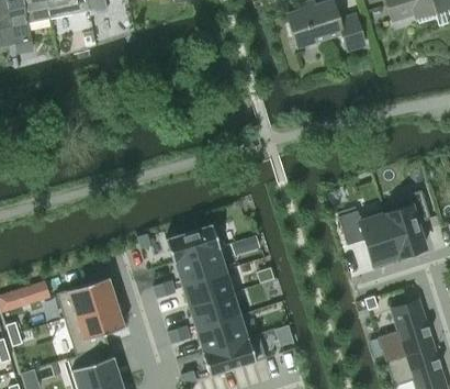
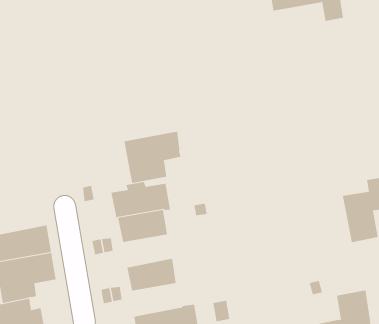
building: none -> [124,131,181,184]
building: [338,208,400,264] -> none
building: [183,270,233,307] -> none
building: [198,315,247,352] -> none

